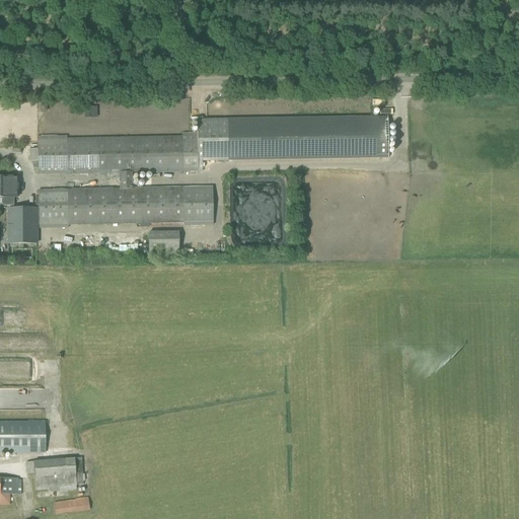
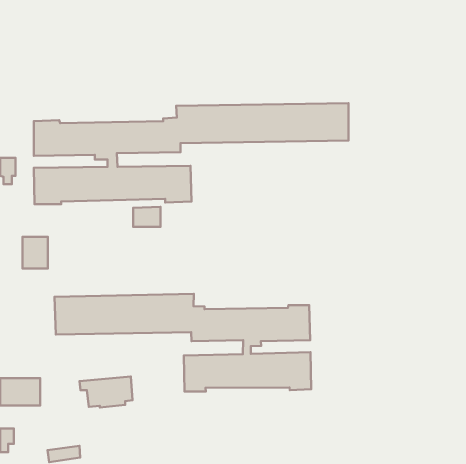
building: [8,207,36,242] -> [22,237,48,269]
building: none -> [55,294,311,392]
building: [25,456,84,491] -> [80,377,133,408]

